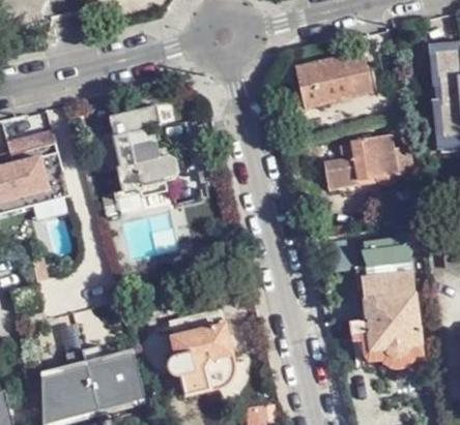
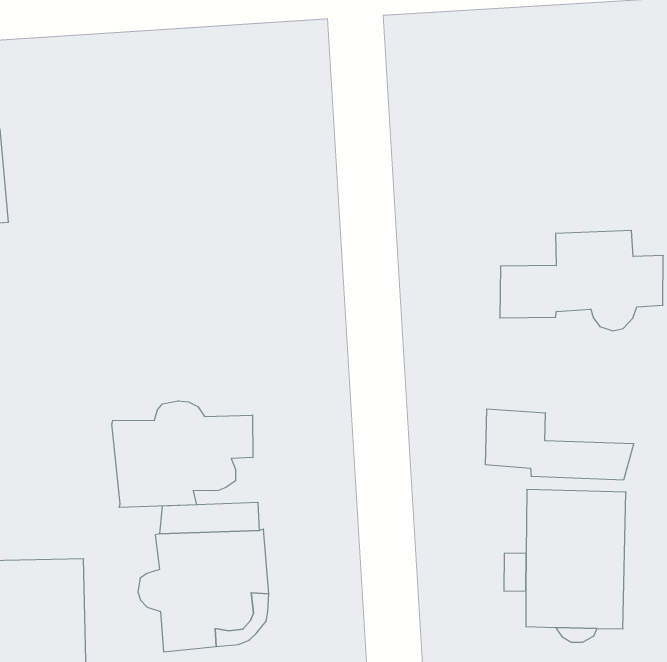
building: [296,52,374,104] -> none
building: [96,103,179,194] -> none
building: none -> [112,401,253,507]

